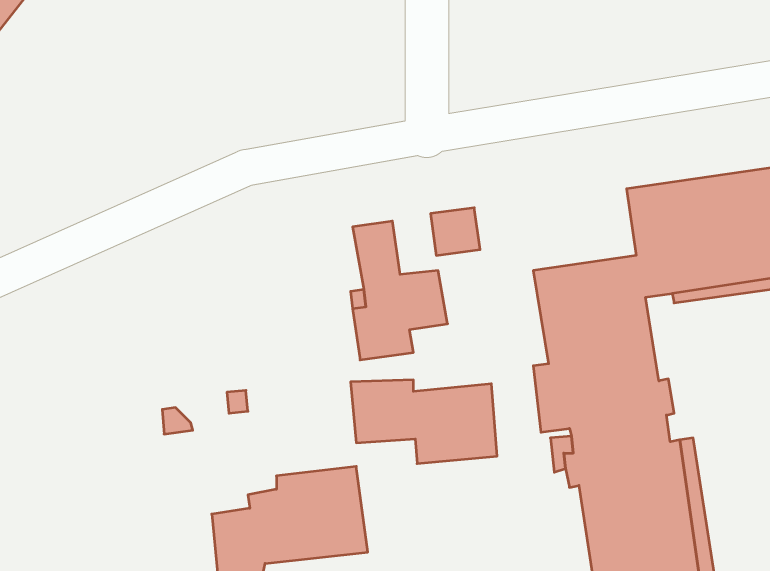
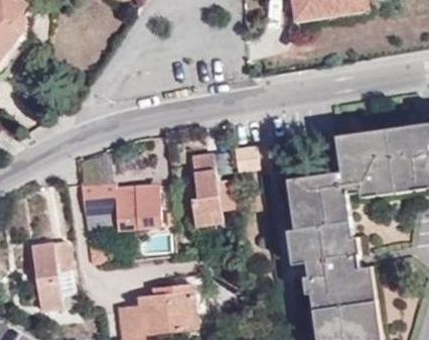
building: [351,380,497,464] -> [83,184,160,228]
building: none -> [31,243,76,309]

